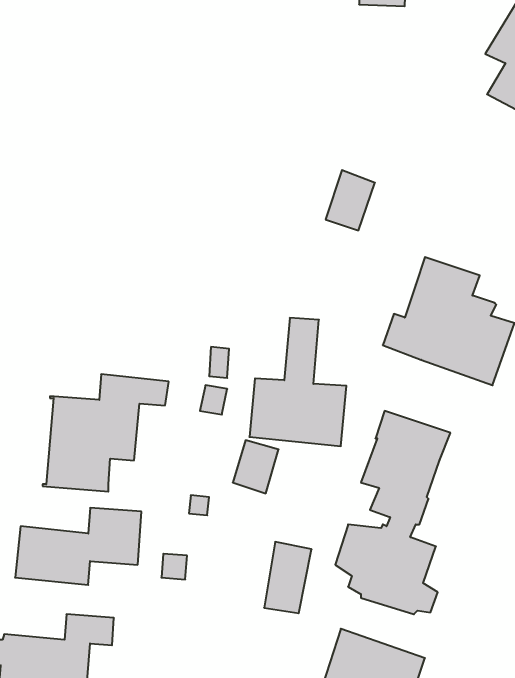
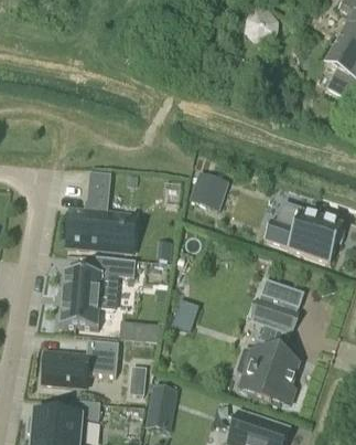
building: [326,170,375,230] -> [188,170,218,206]
building: [249,318,346,446] -> [66,173,125,251]
building: [264,542,312,613] -> [147,386,175,430]

